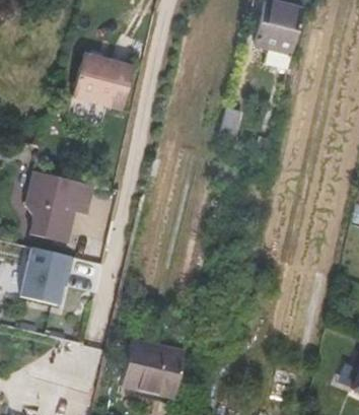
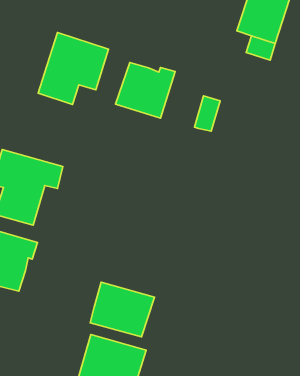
building: none -> [116,63,175,118]
building: none -> [90,282,155,337]

